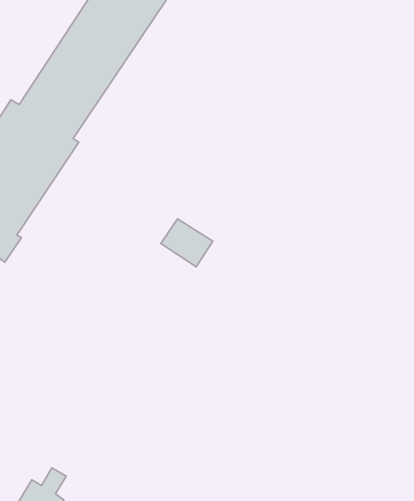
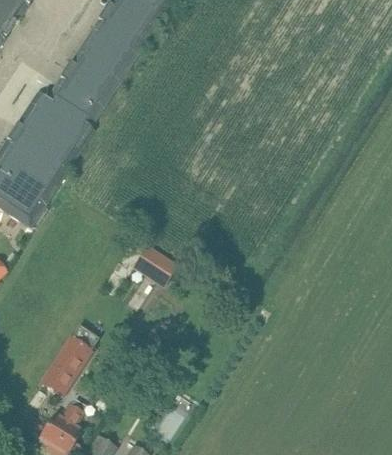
building: [161,219,213,267] -> [132,246,176,287]
building: none -> [41,337,91,396]

